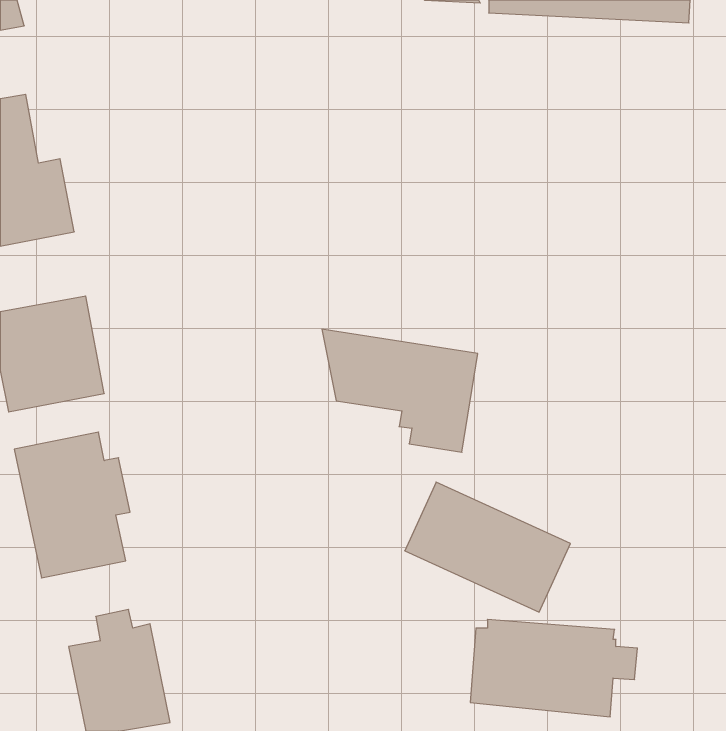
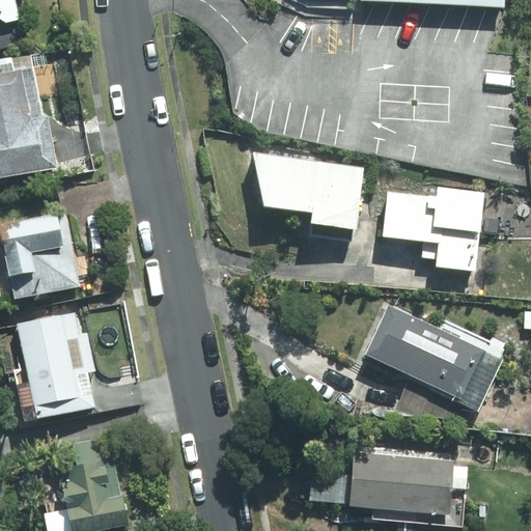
building: none -> [384,192,483,264]
building: [322,329,478,452] -> [251,151,364,241]
building: [405,482,570,612] -> [364,302,484,396]

